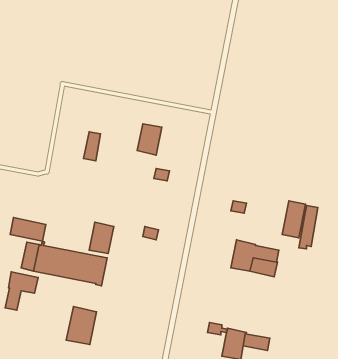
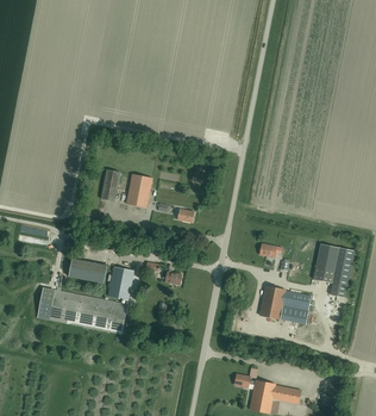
building: [137,124,162,155] -> [126,174,152,207]
building: [10,218,46,241] -> [69,257,107,282]
building: [5,272,38,310] -> none
building: [66,306,96,344] -> none

